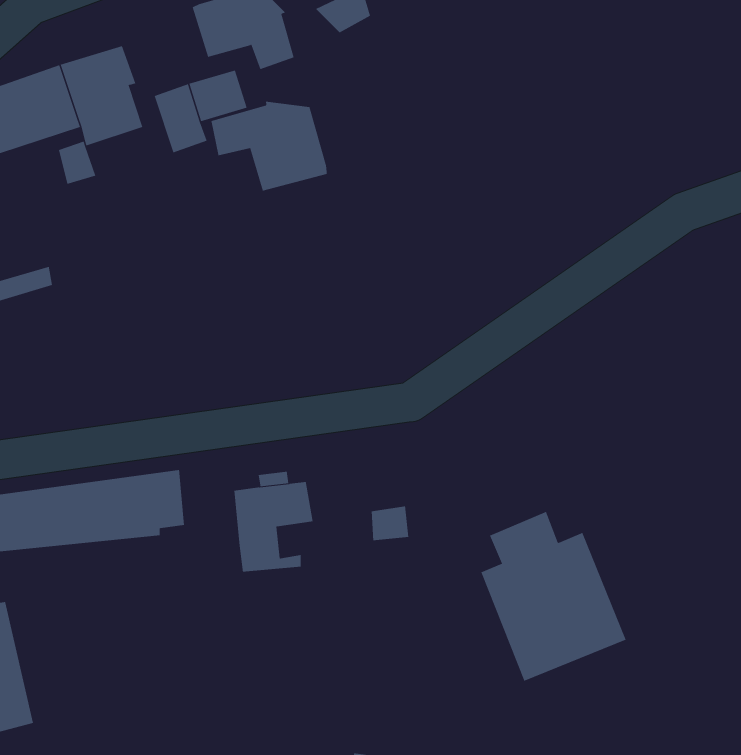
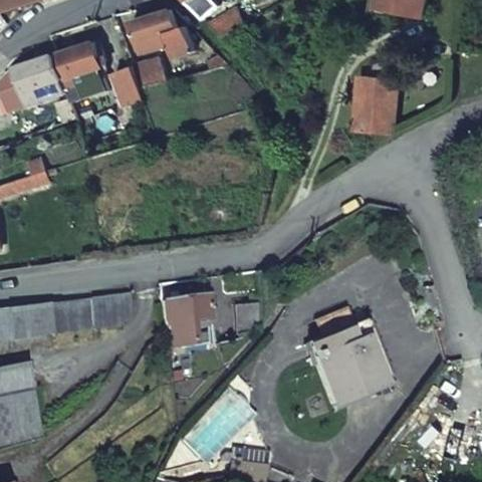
building: [211,101,327,192] -> none
building: none -> [352,77,394,133]

